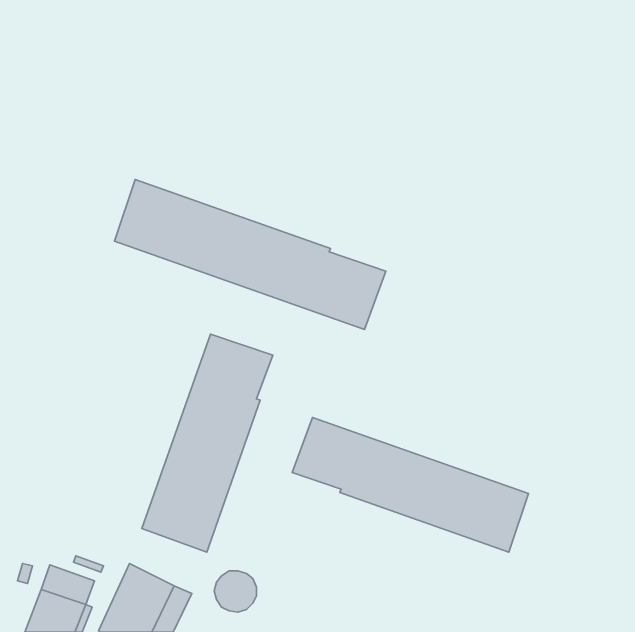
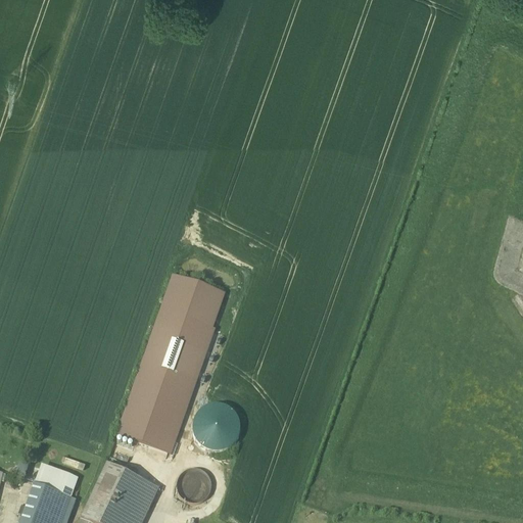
building: [114,179,386,329] -> none
building: [292,417,528,552] -> none
building: none -> [193,403,240,449]

